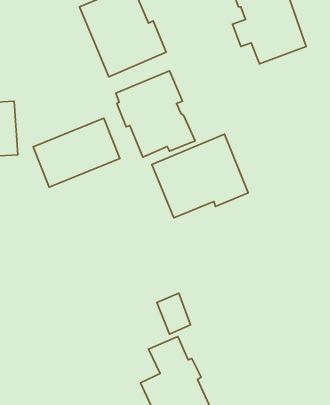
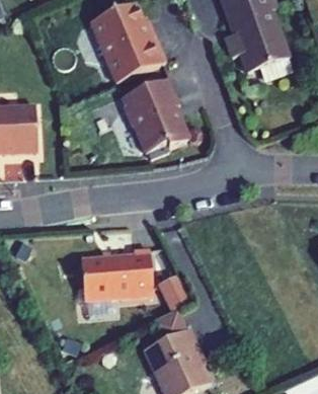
building: [33,118,120,187] -> none
building: [152,134,248,218] -> none
building: none -> [81,249,154,300]

